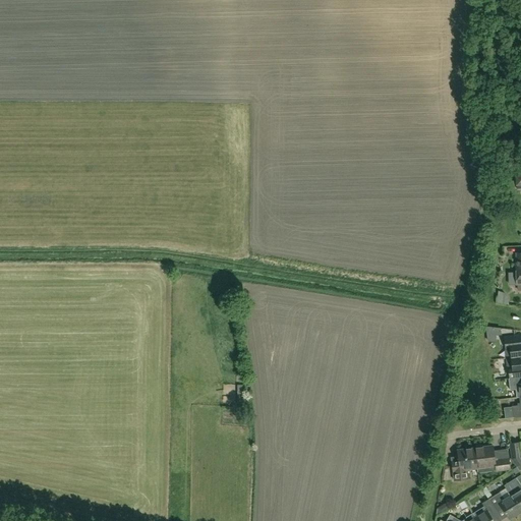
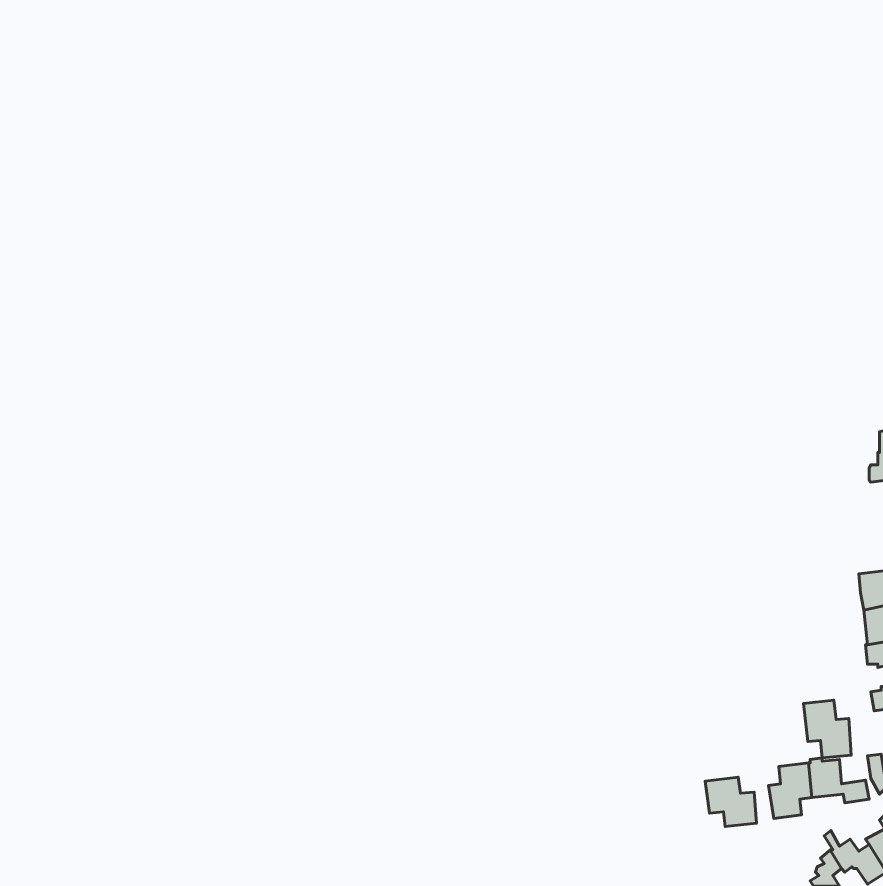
building: none -> [803,700,851,758]
building: none -> [705,777,756,826]

